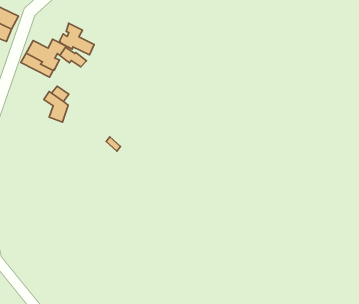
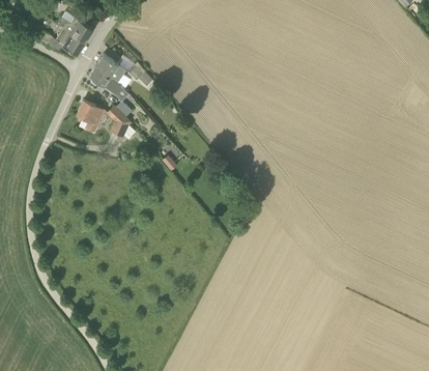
building: [59,23,94,55] -> none
building: none -> [78,98,105,133]

